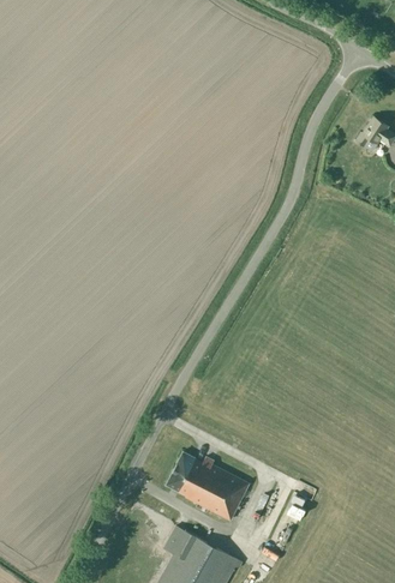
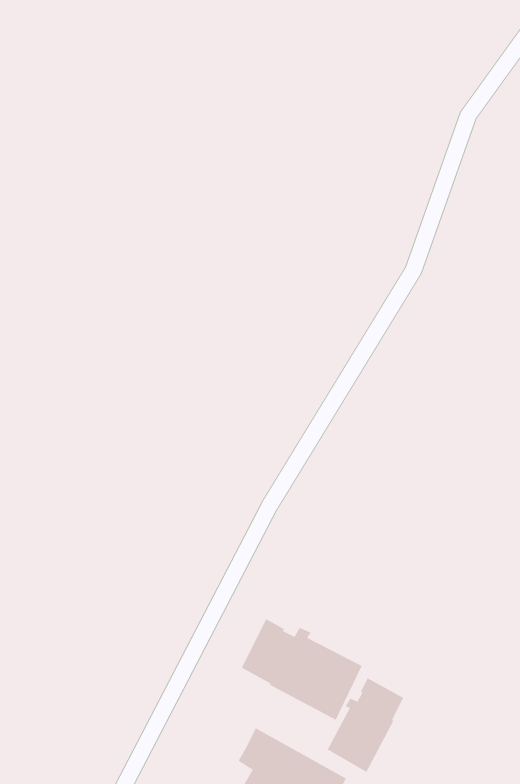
building: none -> [327,677,404,773]

